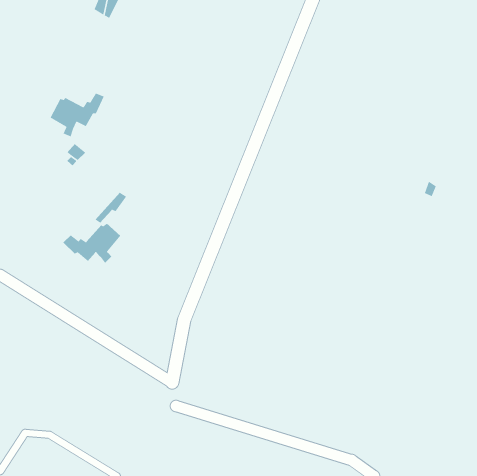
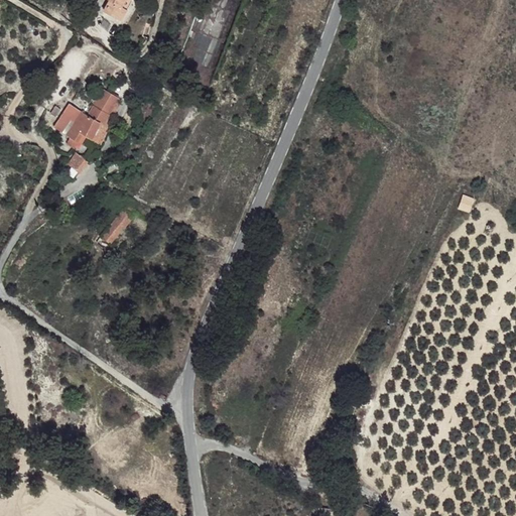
building: [63,223,121,264] -> none

